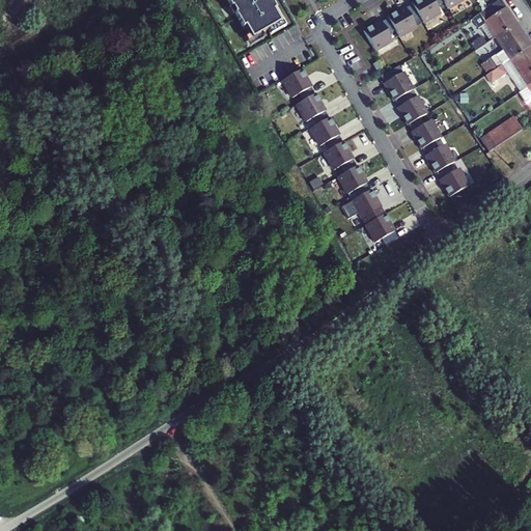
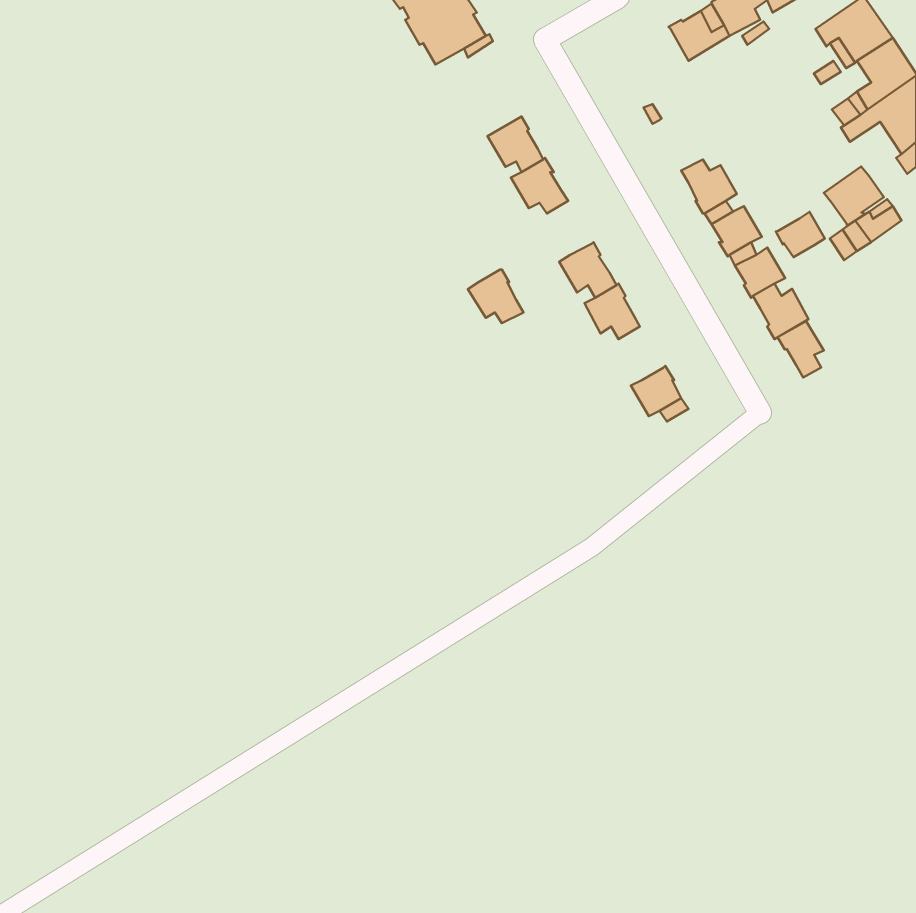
building: [363,17,398,49] -> none
building: [381,67,413,100] -> none
building: none -> [824,167,884,226]
building: [310,116,342,147] -> [468,269,523,323]
building: none -> [776,212,825,257]
building: none -> [778,321,824,377]
building: [352,188,384,220] -> none

